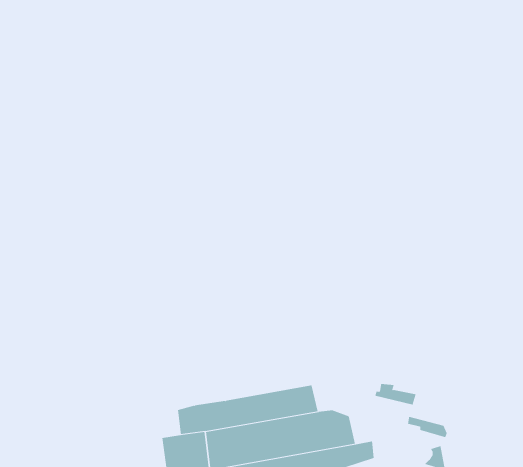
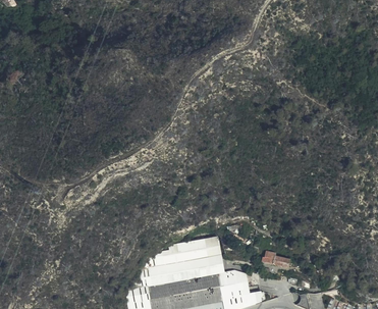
building: none -> [144,237,221,267]

